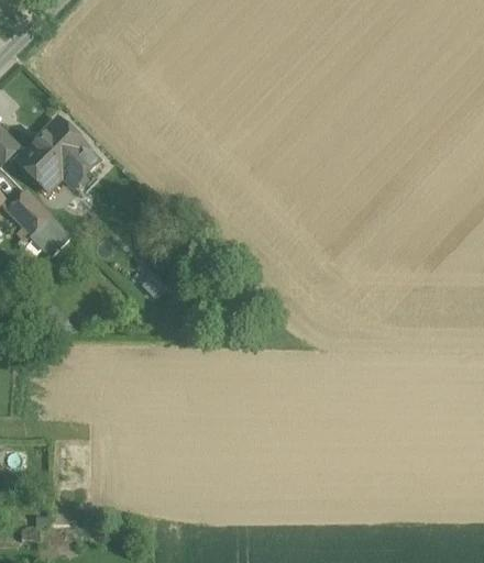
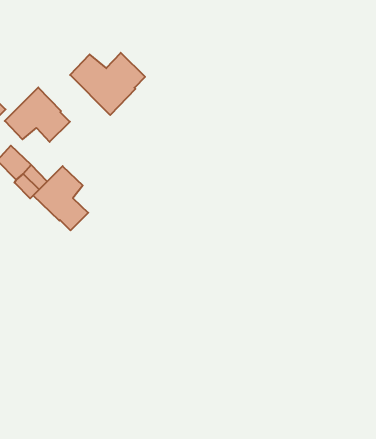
building: none -> [70,53,145,115]
building: none -> [33,166,88,230]

